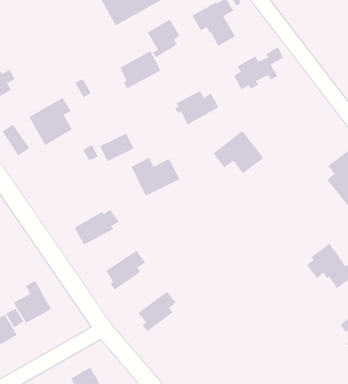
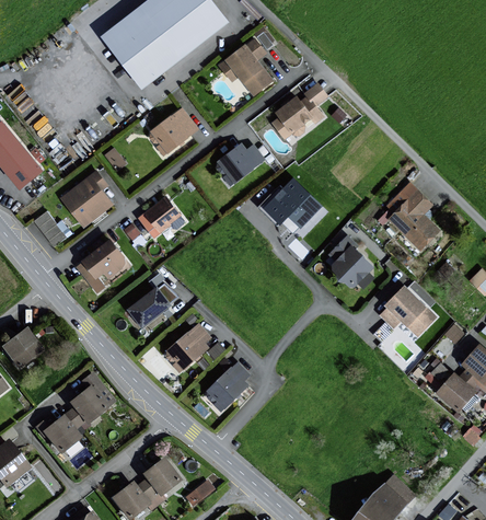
building: [147,19,180,58] -> none
building: [131,157,180,196] -> none
building: none -> [79,242,126,292]
building: none -> [331,238,372,288]

